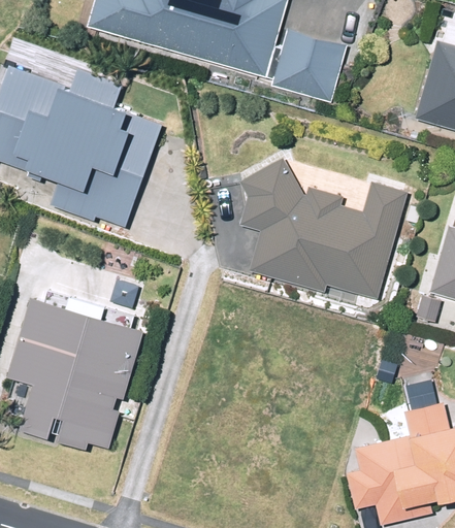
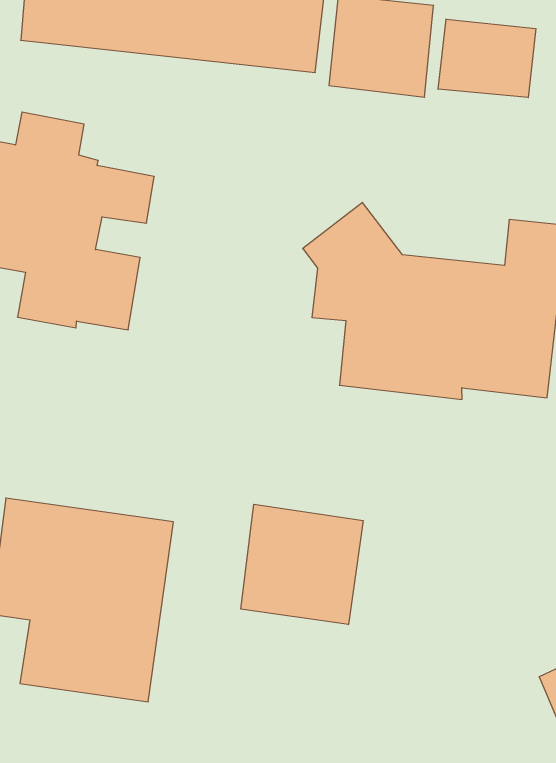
building: none -> [438,19,536,98]
building: none -> [241,504,363,625]

